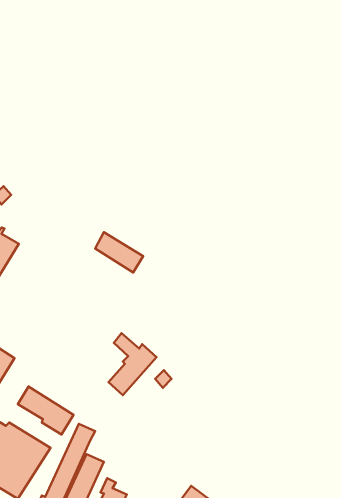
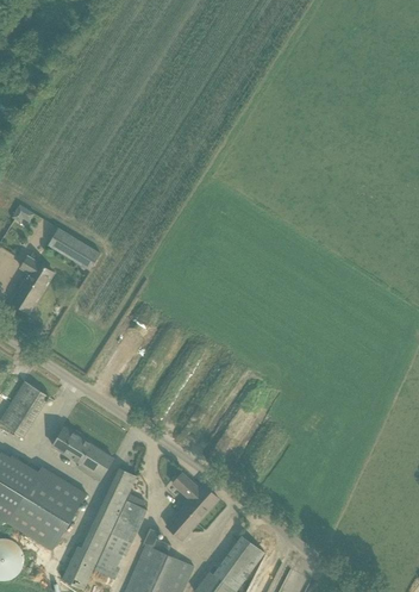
building: [95,232,143,273] -> [49,228,101,272]
building: [109,333,157,395] -> [167,473,219,541]

